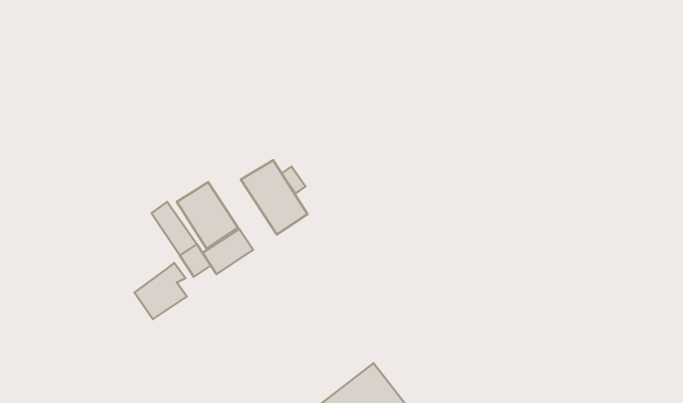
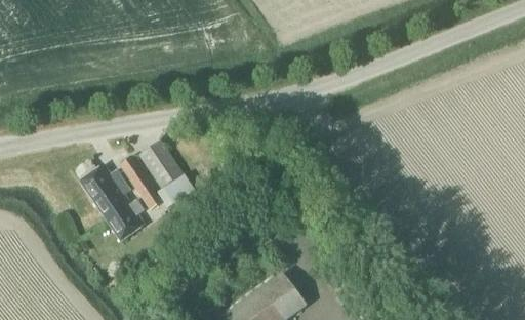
building: [241,160,307,234] -> none
building: none -> [79,163,130,219]

